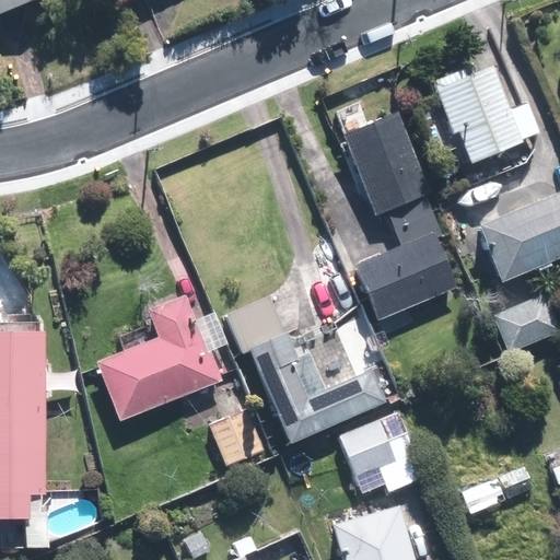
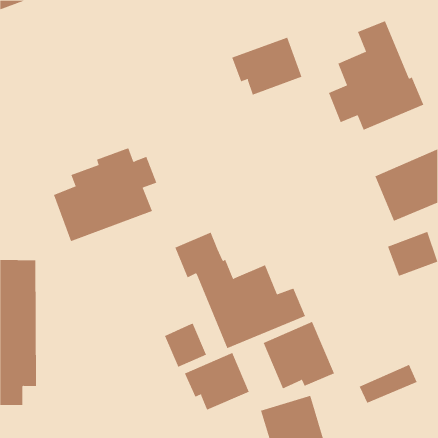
building: none -> [231,37,302,95]
building: [343,110,459,320] -> none
building: [95,301,228,421] -> [53,147,157,242]
building: none -> [184,352,249,410]

